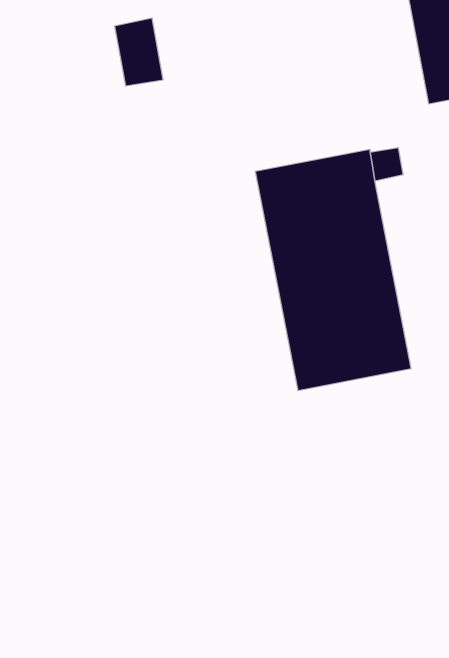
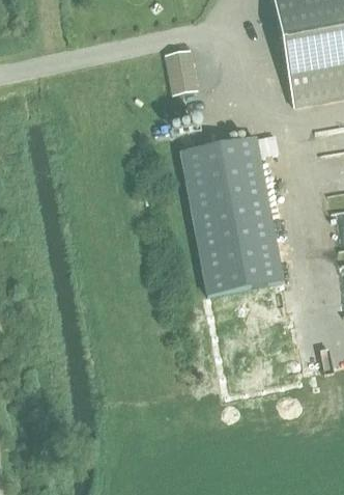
building: [114,18,163,86] -> [167,51,199,95]

